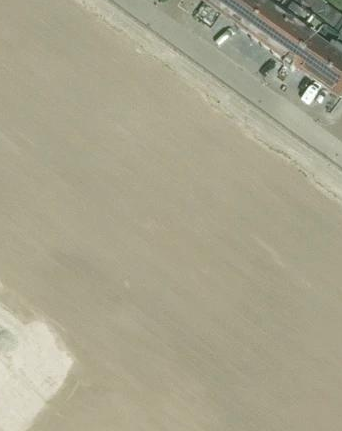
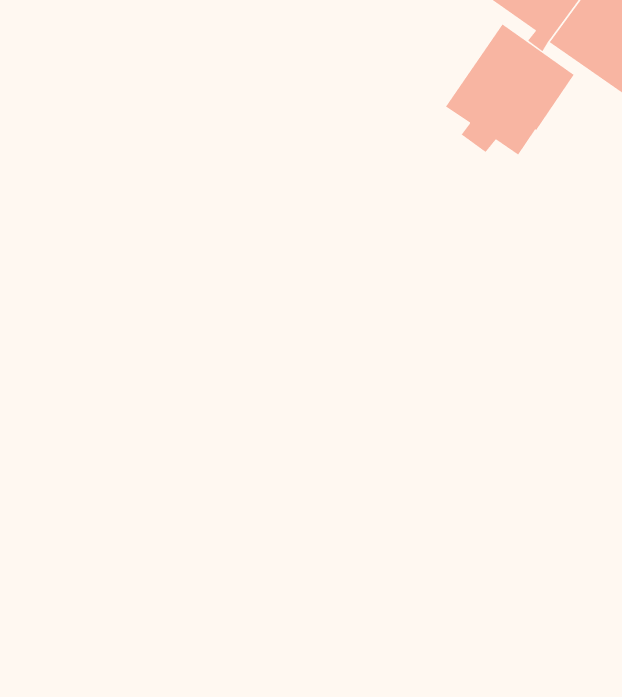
building: none -> [445,23,574,155]

